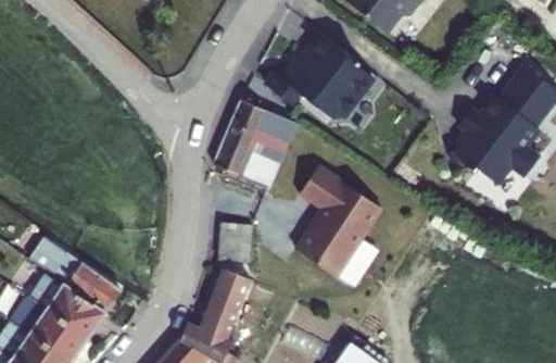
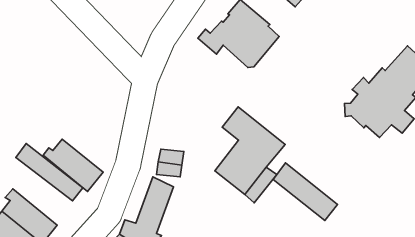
building: [214,101,294,189] -> none
building: none -> [273,163,338,220]
building: [39,268,117,333] -> [43,139,103,192]

